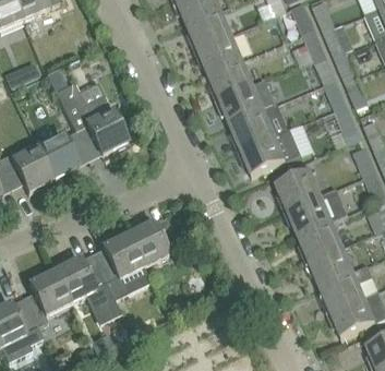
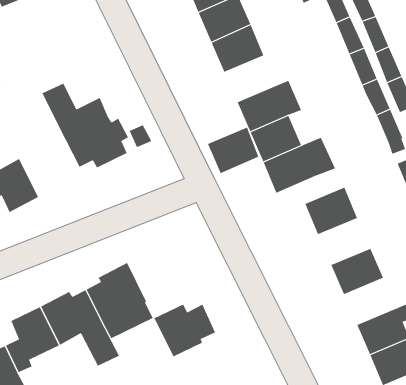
building: [207,59,251,98] -> [207,127,259,174]
building: [36,130,86,178] -> none
building: [286,188,347,235] -> none
building: [127,220,179,265] -> [154,304,216,357]
building: [308,246,352,285] -> none

